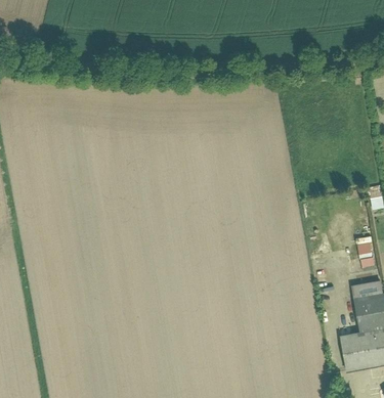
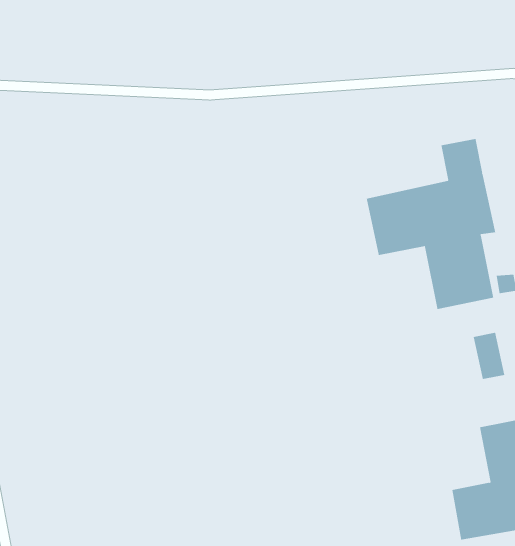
building: none -> [366,138,496,310]

